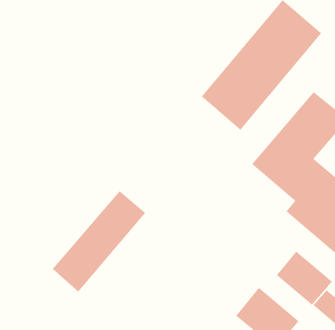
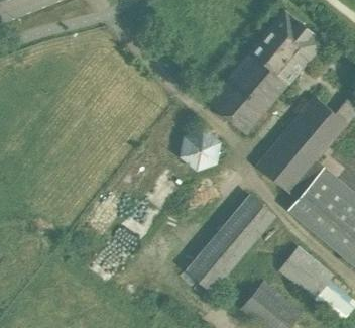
building: none -> [181,128,221,170]
building: [52,190,146,292] -> [187,195,275,291]

